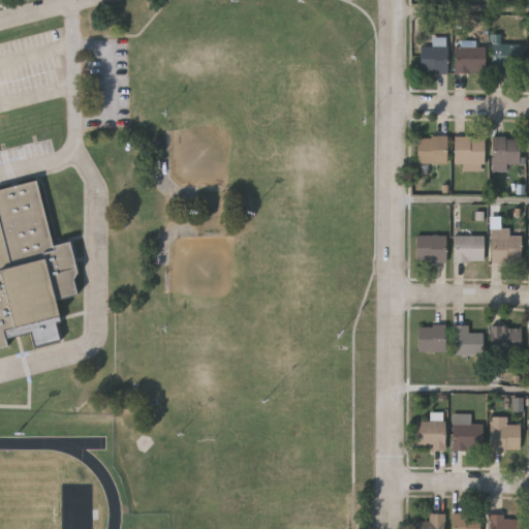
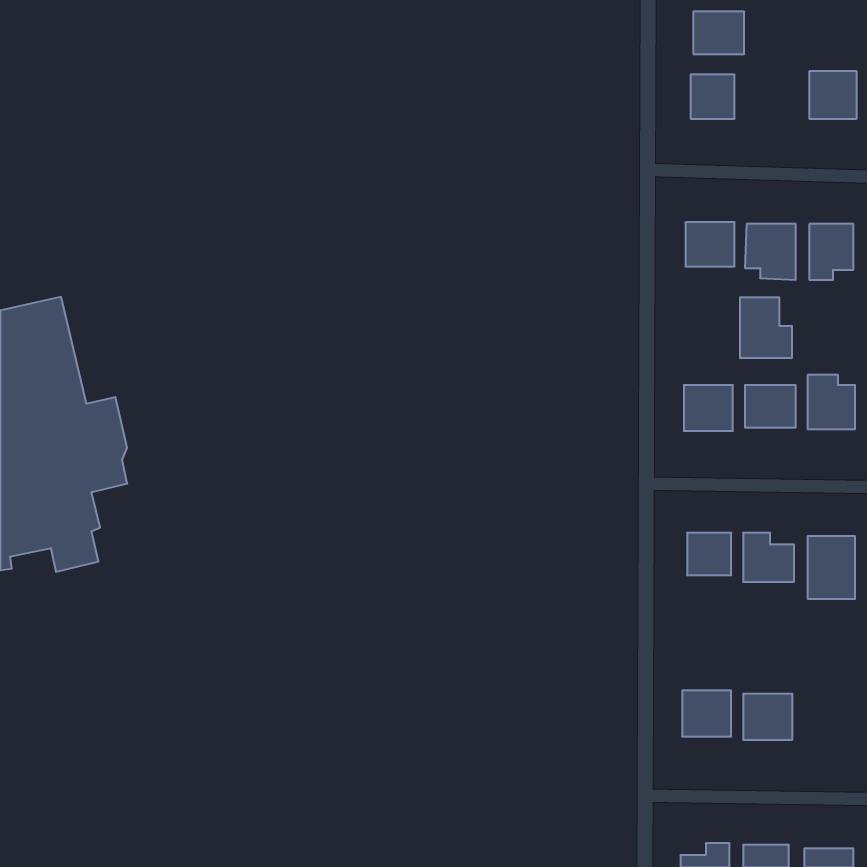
building: [455,45,486,71] -> [693,12,744,54]
building: none -> [740,297,792,358]
building: [491,418,521,450] -> none

